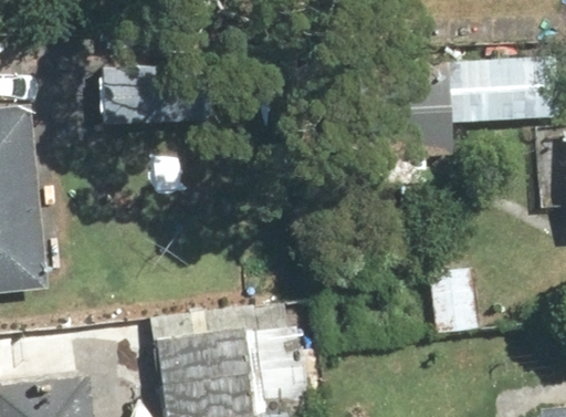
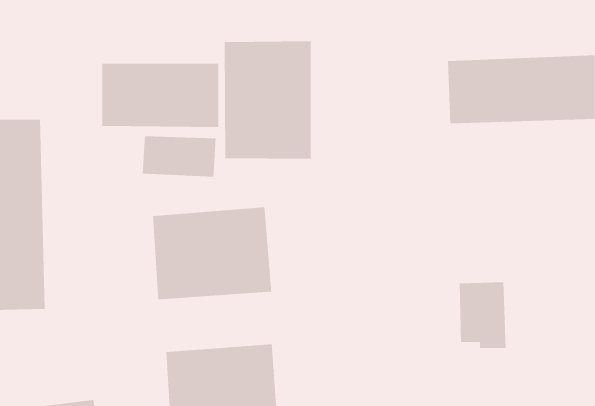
building: none -> [224,41,311,159]
building: none -> [152,206,272,300]

